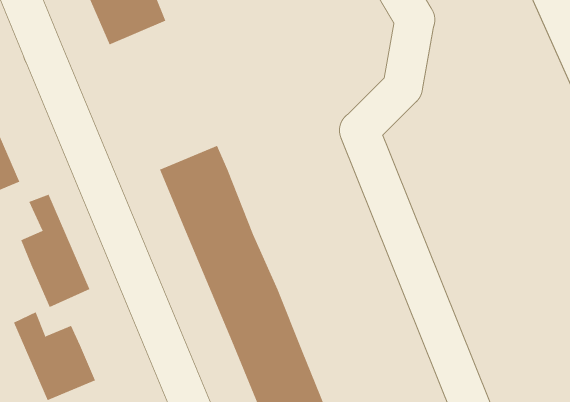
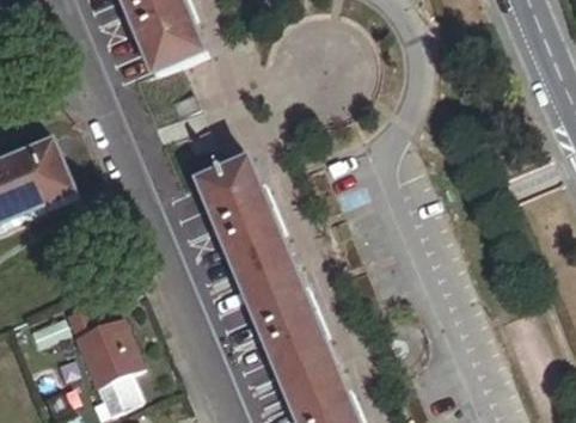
building: [20,194,90,308] -> none

